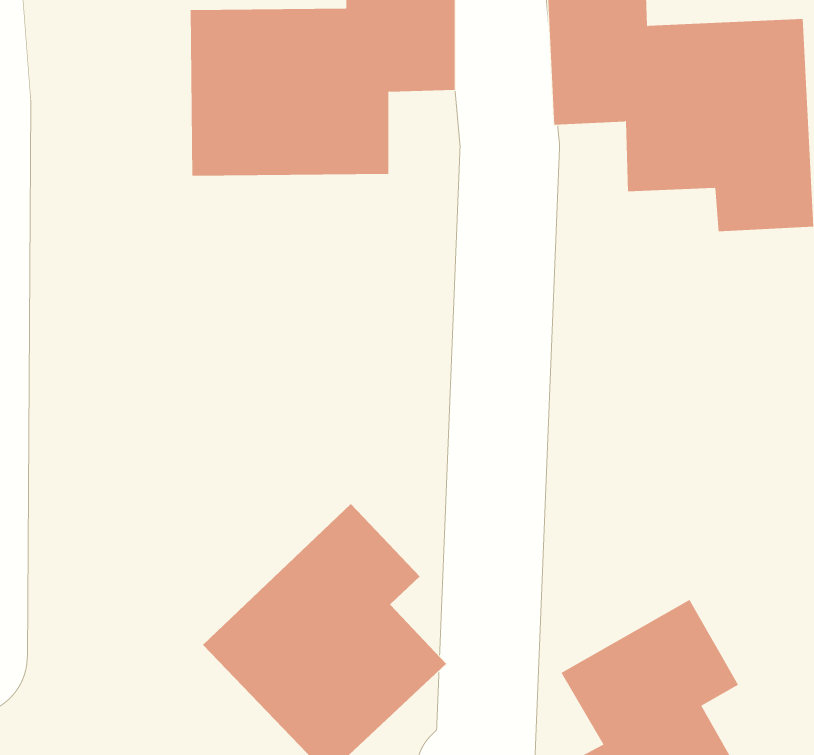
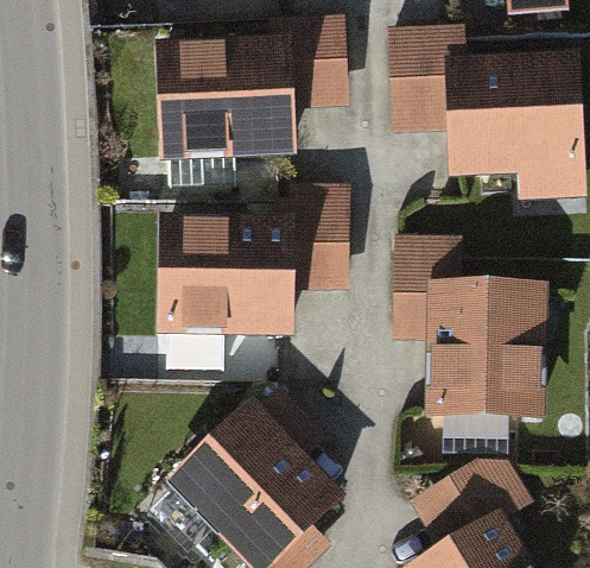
building: none -> [160,198,343,337]
building: none -> [395,232,545,428]

